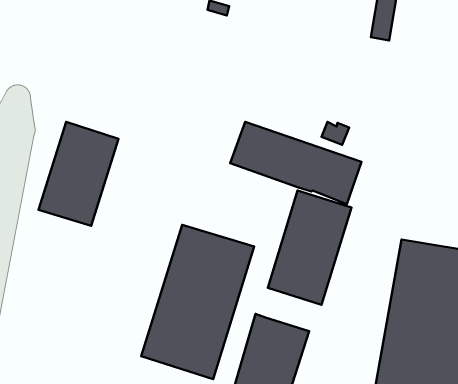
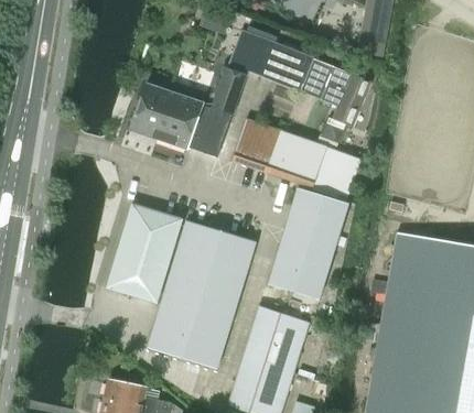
building: none -> [131,25,374,156]
building: [39,122,119,226] -> [106,203,183,303]

